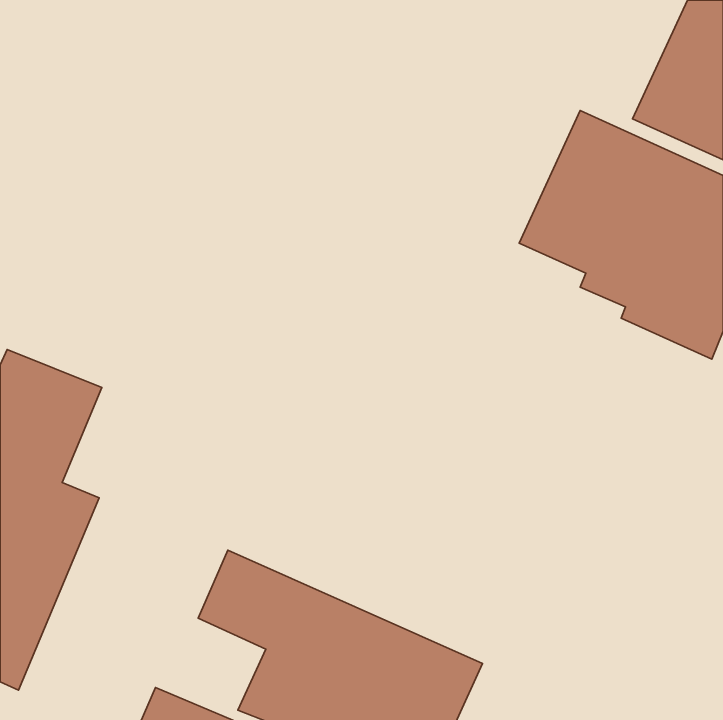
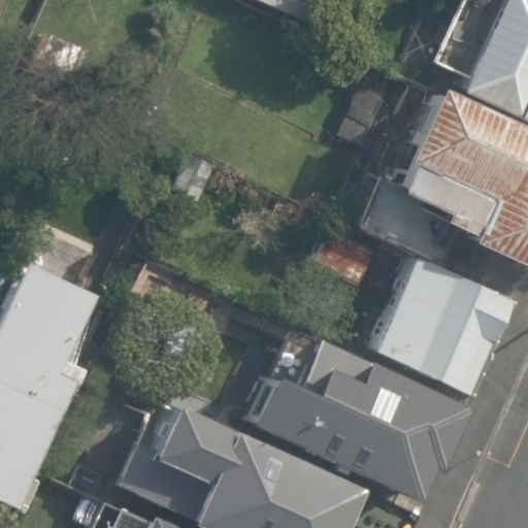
building: none -> [376,254,517,393]
building: none -> [250,331,456,499]

